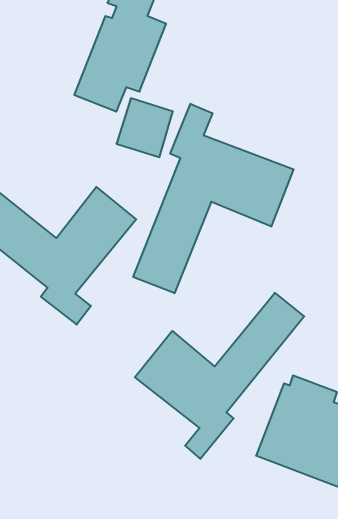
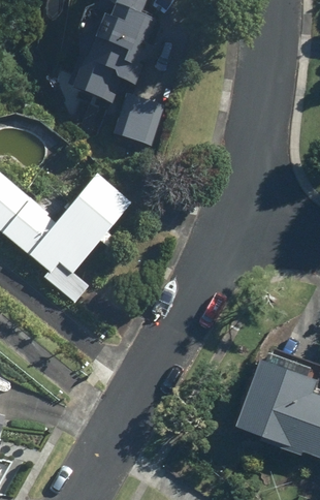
building: [133,104,294,293] -> none
building: [135,293,304,459] -> none

